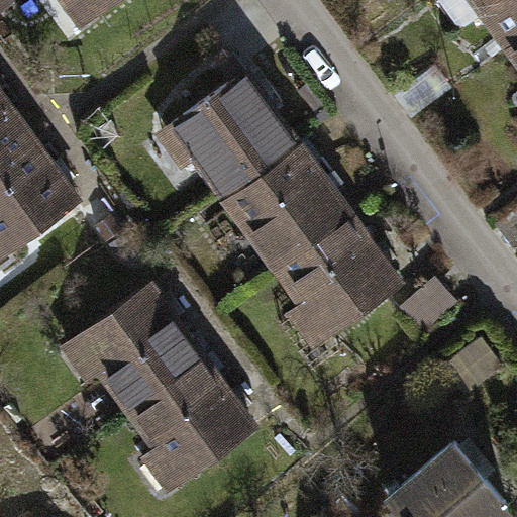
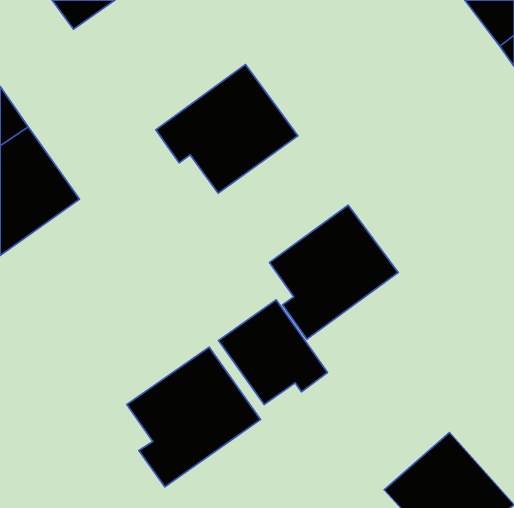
building: [219,142,349,270] -> none
building: [61,280,210,412] -> none
building: none -> [219,300,328,405]

